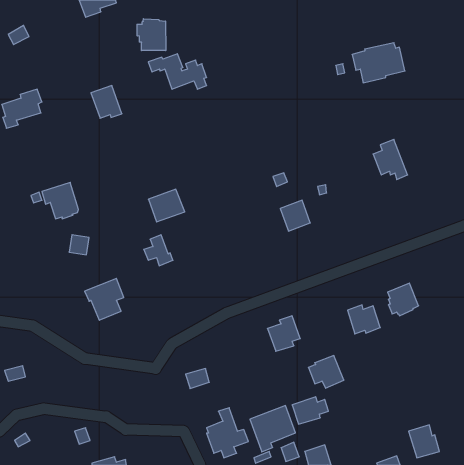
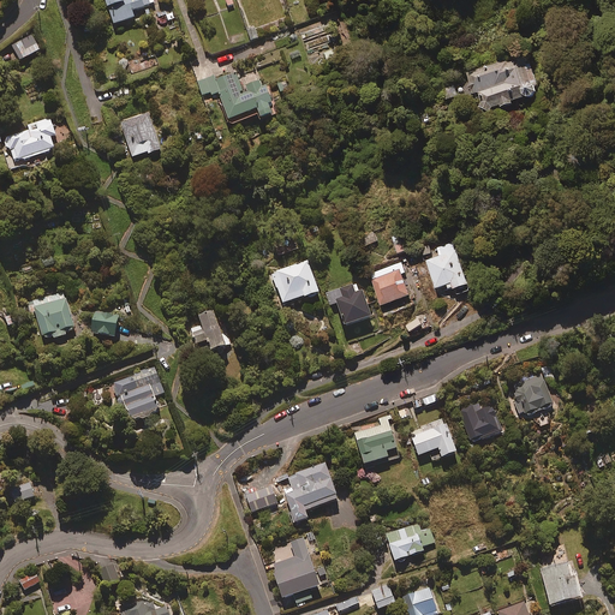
building: [137,19,166,51] -> none
building: [373,139,408,180] -> [425,241,471,294]
building: [42,182,78,219] -> [25,291,73,339]
building: [148,189,185,222] -> [270,259,318,303]
building: none -> [326,283,371,326]
building: [308,356,344,388] -> [410,418,456,461]
building: [250,406,295,452] -> [277,462,338,524]

